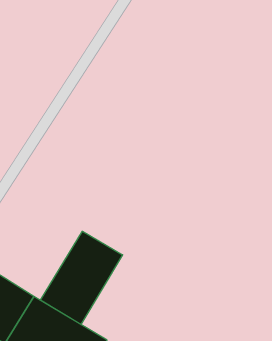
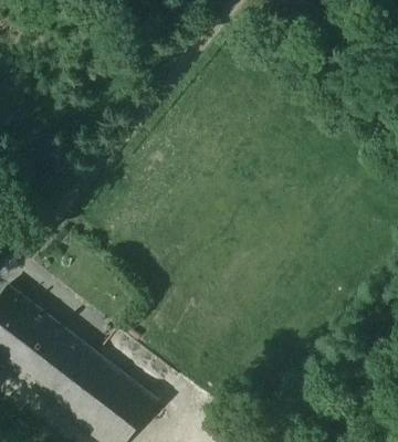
building: [41,231,123,325] -> none

